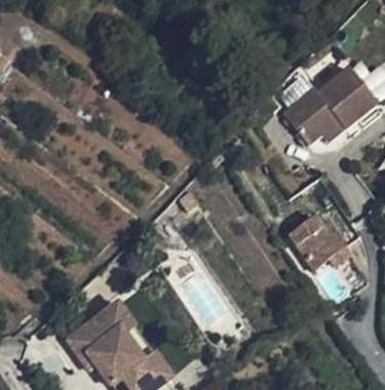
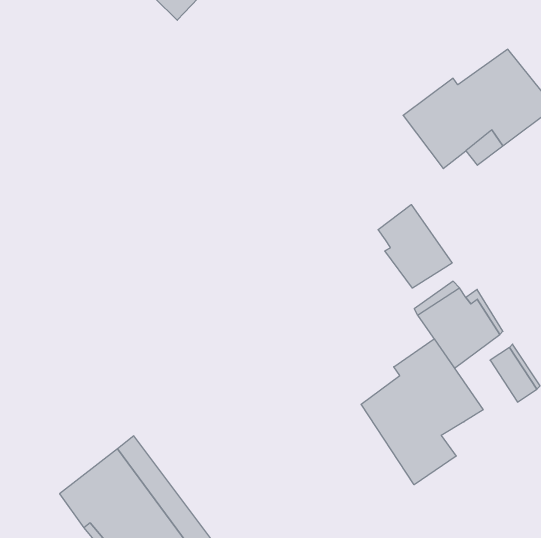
building: none -> [378,205,452,288]
building: none -> [361,339,483,485]

